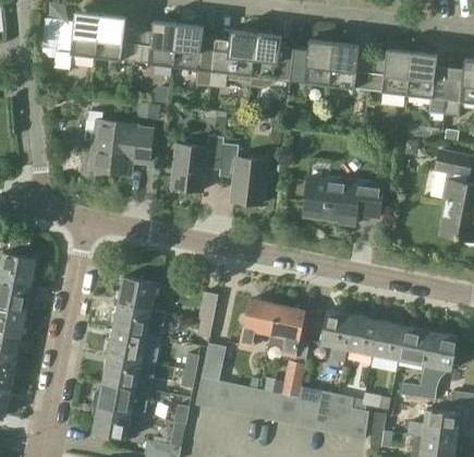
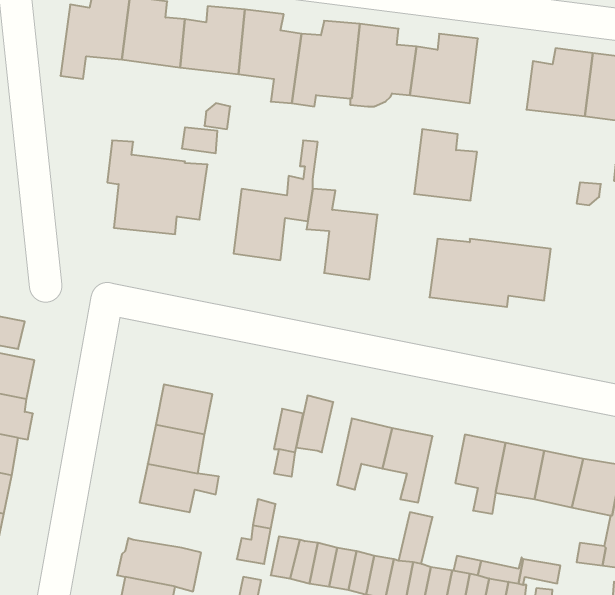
building: [329,43,372,91] -> [414,129,477,200]
building: [200,344,226,382] -> [296,396,333,452]
building: [102,356,141,386] -> none

